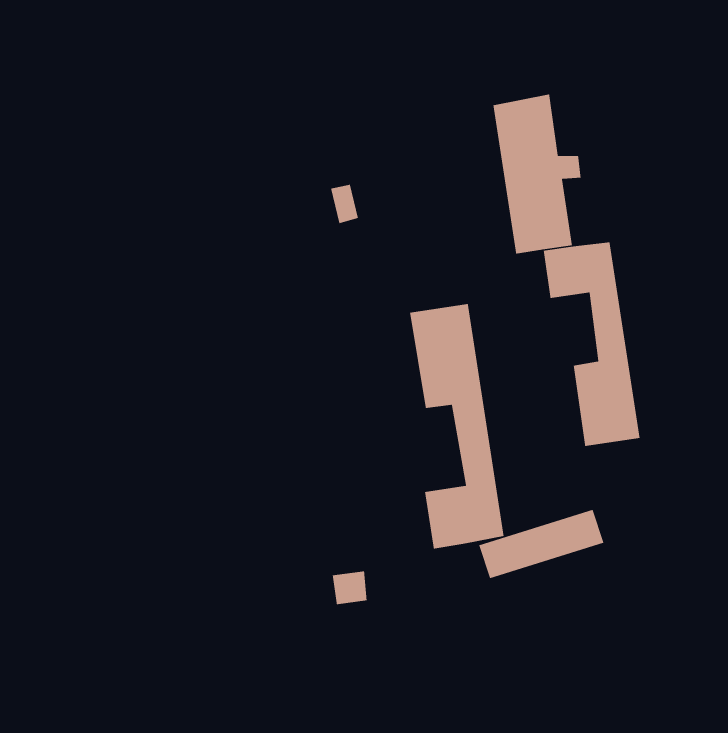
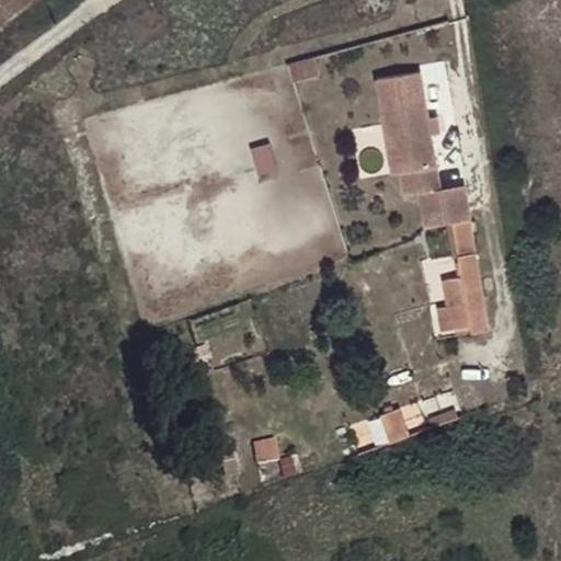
building: [409,303,504,549] -> none

